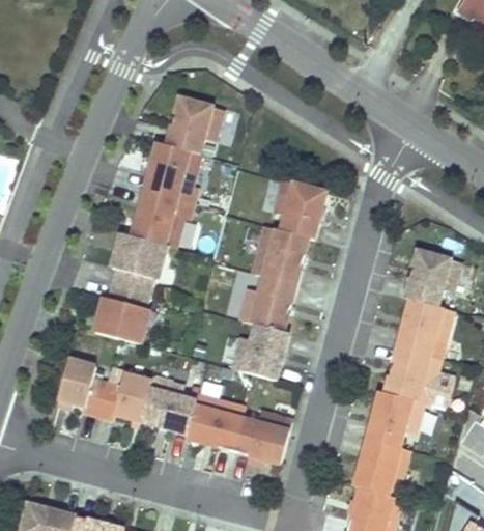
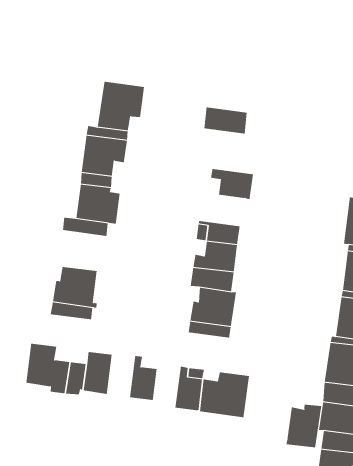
building: [279,180,326,214] -> [203,107,248,134]
building: [258,226,309,266] -> none
building: [110,246,162,292] -> none
building: [141,379,174,427] -> none
building: [186,395,220,444] -> none
building: none -> [286,404,322,448]

